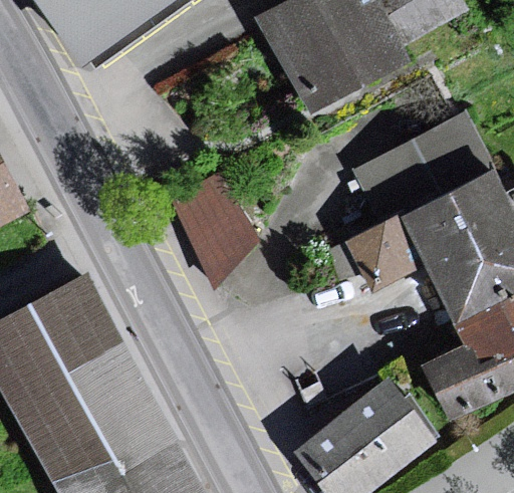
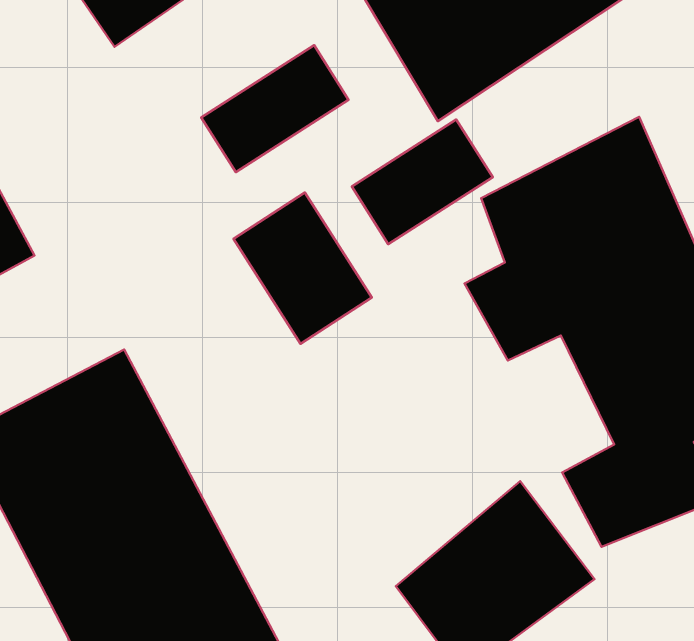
building: none -> [201,45,349,172]
building: none -> [352,120,493,244]

